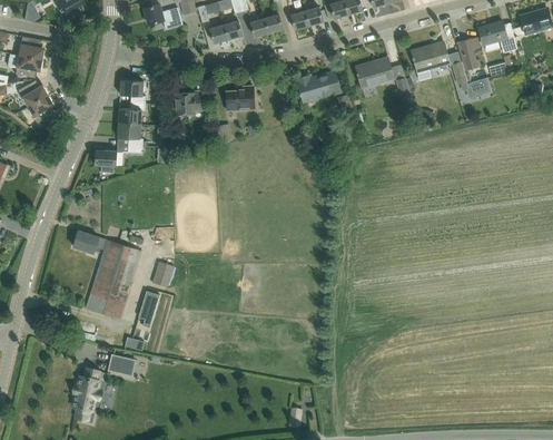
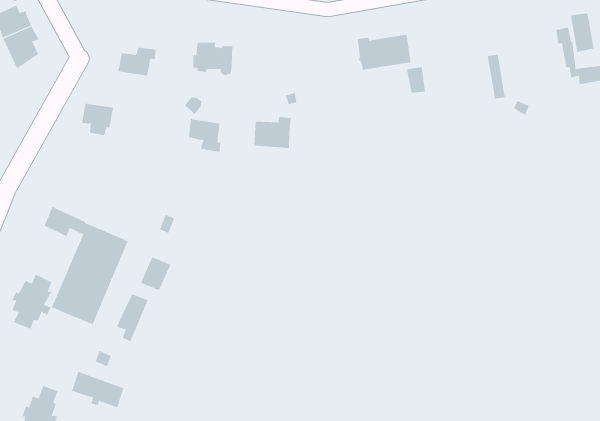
building: [411,41,448,80] -> none
building: [355,57,393,88] -> none
building: [119,79,145,102] -> none
building: [225,86,254,110] -> [253,117,292,148]
building: [117,123,142,146] -> [188,119,221,153]
building: none -> [12,274,52,330]

